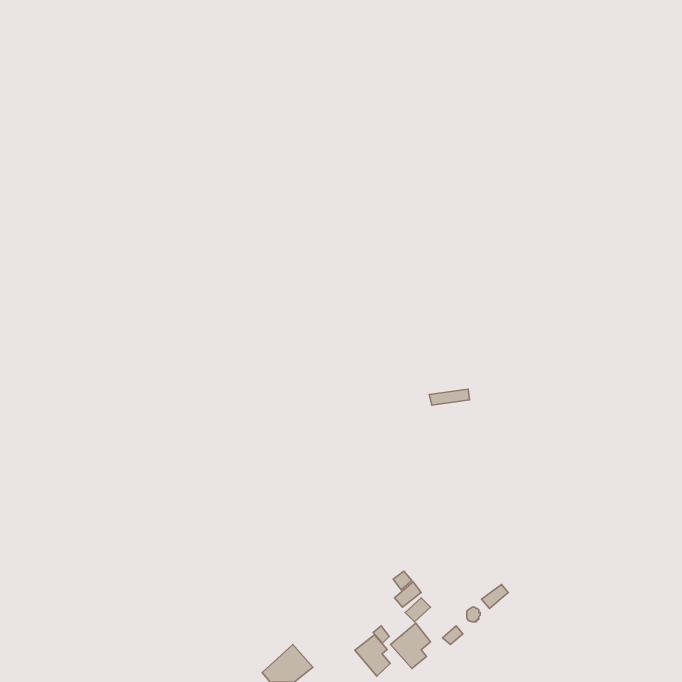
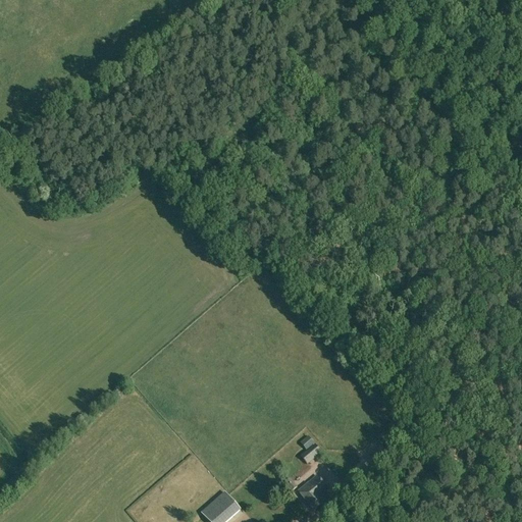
building: [355,635,390,676] -> none

